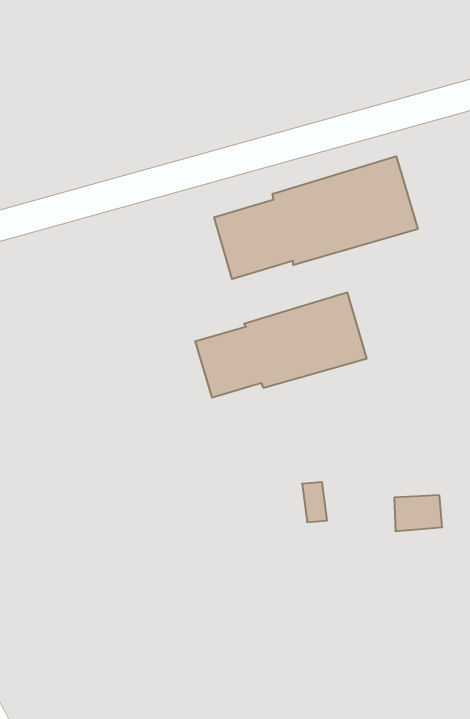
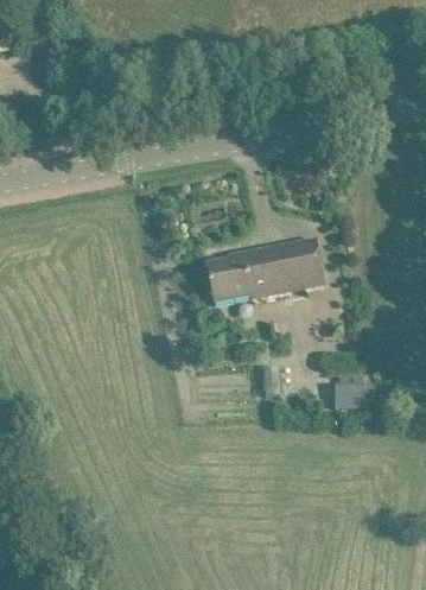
building: [214,156,418,279] -> none

